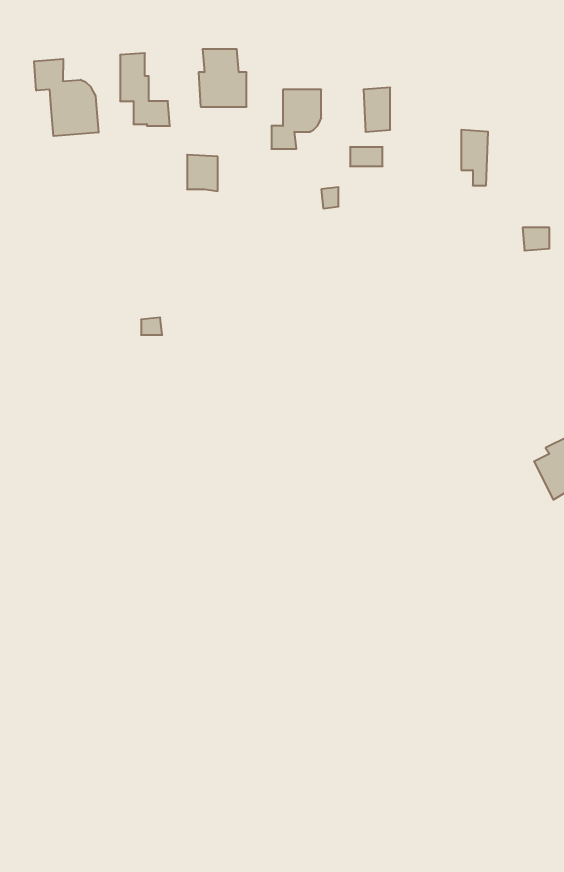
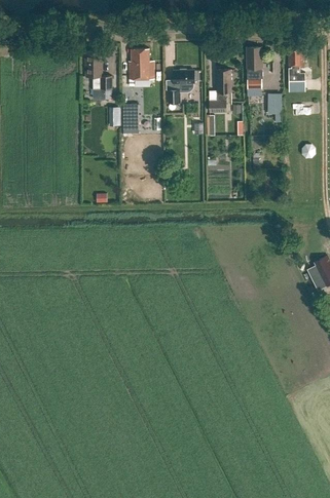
building: none -> [247,47,263,89]
building: none -> [288,49,305,82]
building: [34,59,98,136] -> none

